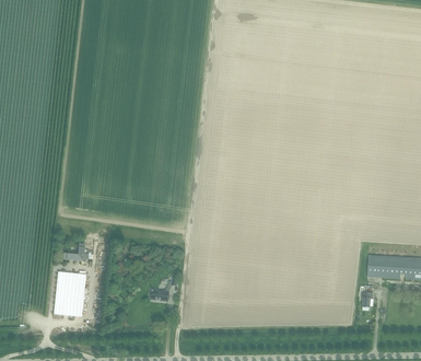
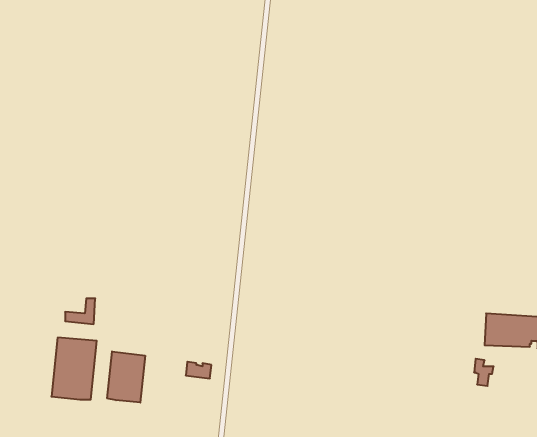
building: none -> [107,351,145,403]

